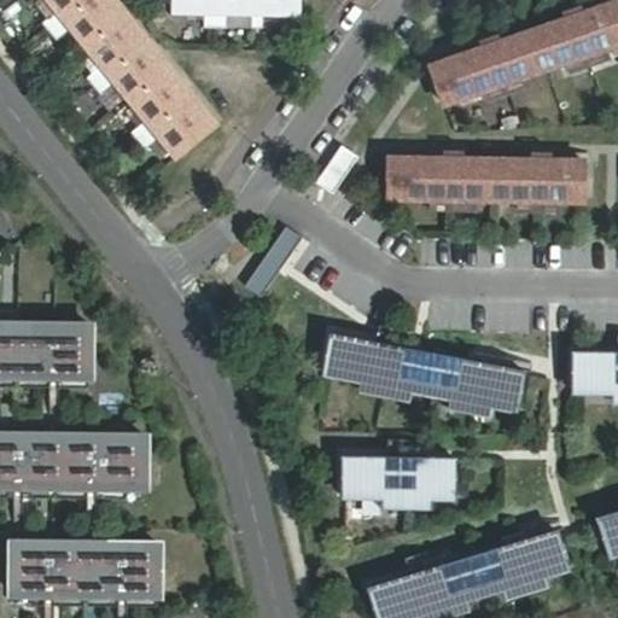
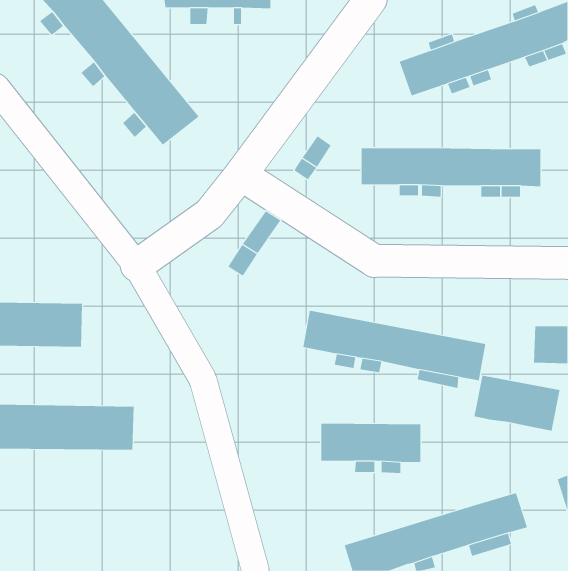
building: none -> [474,375,560,432]
building: [7,544,158,594] -> none

